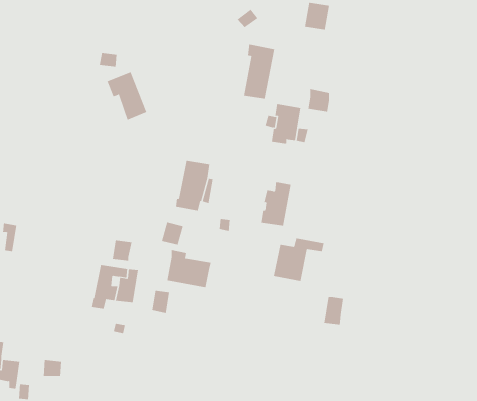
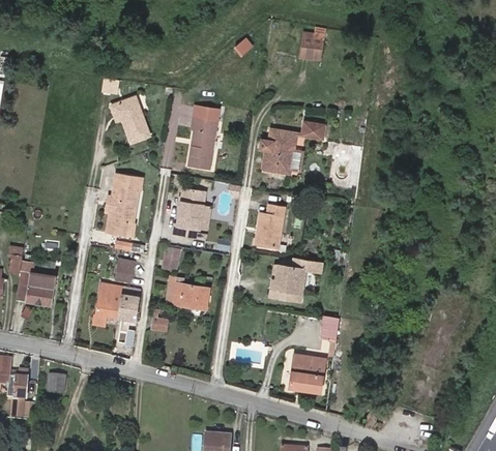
building: [243,44,275,99] -> [189,110,221,163]
building: none -> [103,173,142,238]
building: none -> [16,260,55,305]
building: none -> [291,355,325,392]

